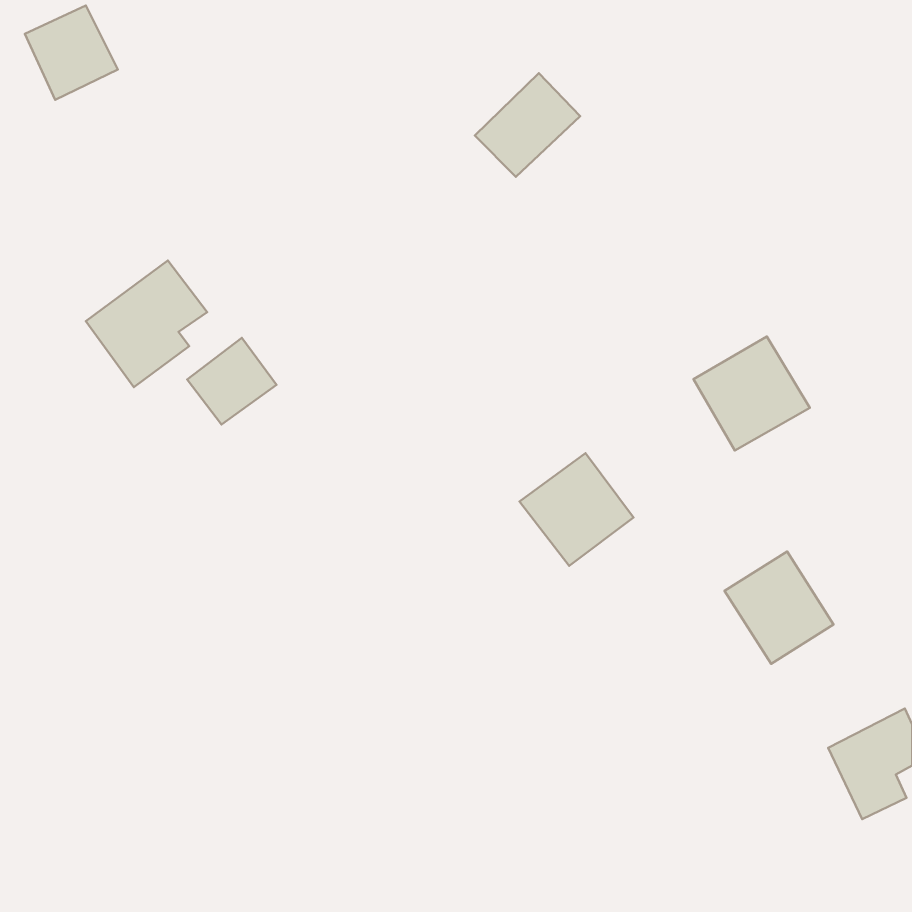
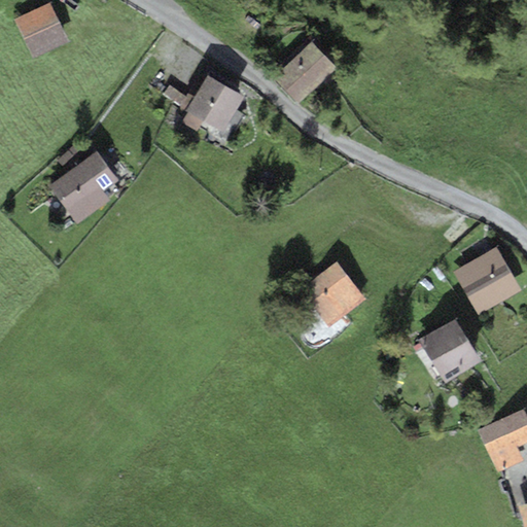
building: none -> [181,75,246,133]
building: [694,336,810,451] -> [454,248,521,314]
building: [187,338,276,425] -> none

